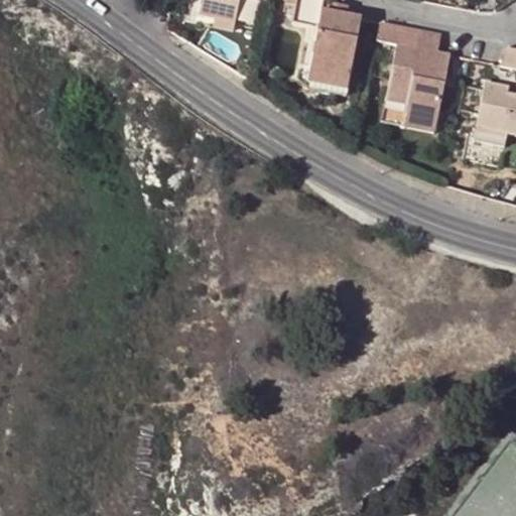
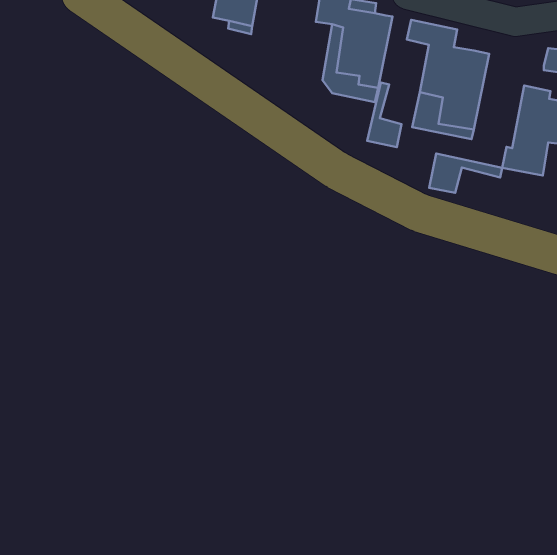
building: none -> [367,83,401,147]
building: none -> [429,154,502,193]

